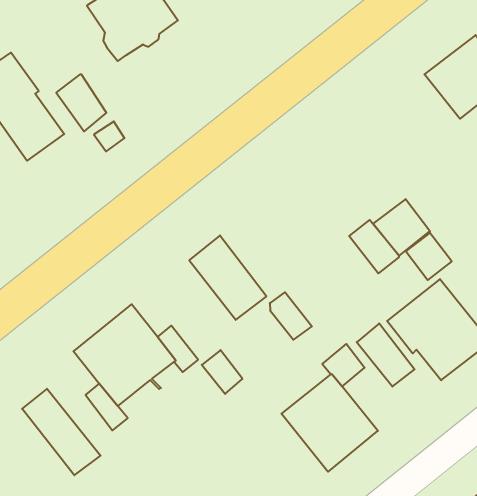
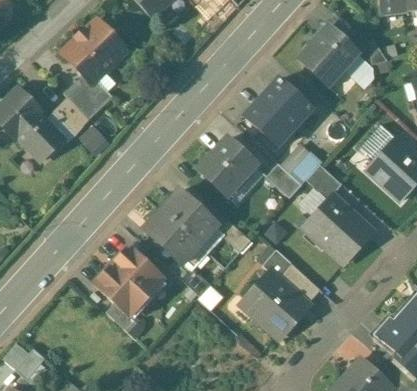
building: none -> [64,76,113,120]
building: none -> [244,78,312,146]
building: none -> [198,138,256,196]
building: none -> [143,210,199,264]
building: [357,323,415,387] -> [278,263,320,304]
building: [22,389,101,475] -> none

